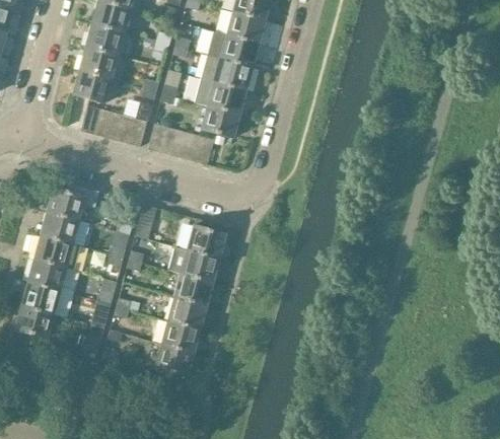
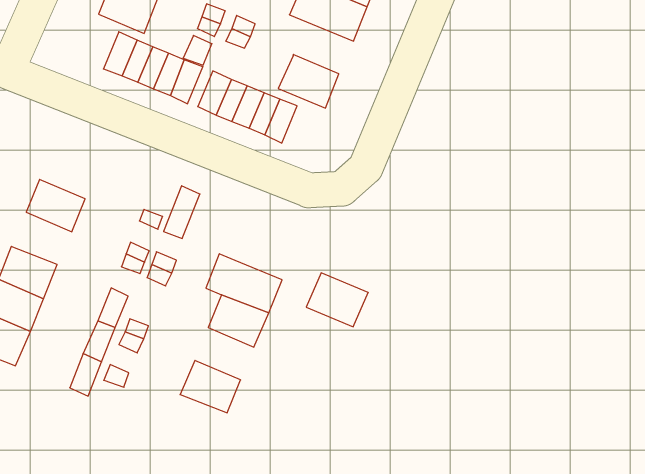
building: [195,77,246,113] -> none
building: [47,185,99,219] -> none
building: [186,223,226,257] -> [306,273,368,327]
building: [33,233,84,269] -> none
building: [167,295,206,327] -> none
building: [154,343,194,375] -> none

